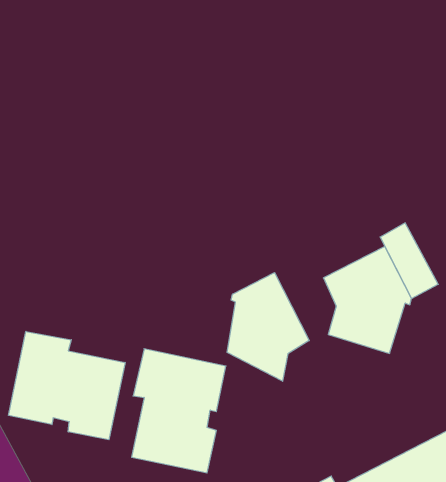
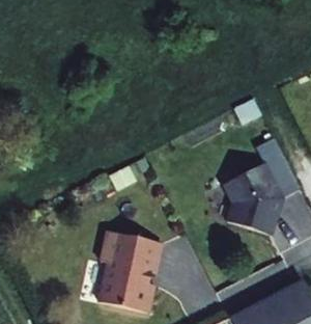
building: [227,273,309,381] -> none
building: [9,331,125,440] -> none

